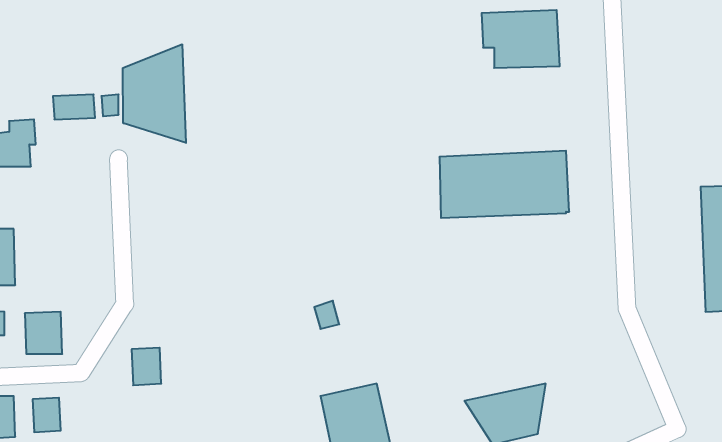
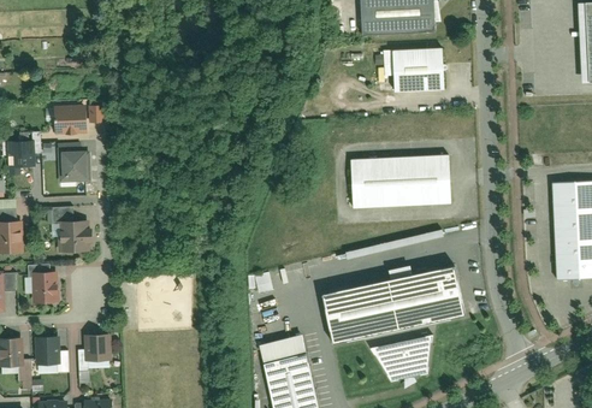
building: [123,44,186,143] -> none
building: none -> [58,148,90,188]
building: none -> [52,212,89,258]
building: none -> [319,264,462,344]
building: [132,348,161,385] -> [87,341,109,369]

